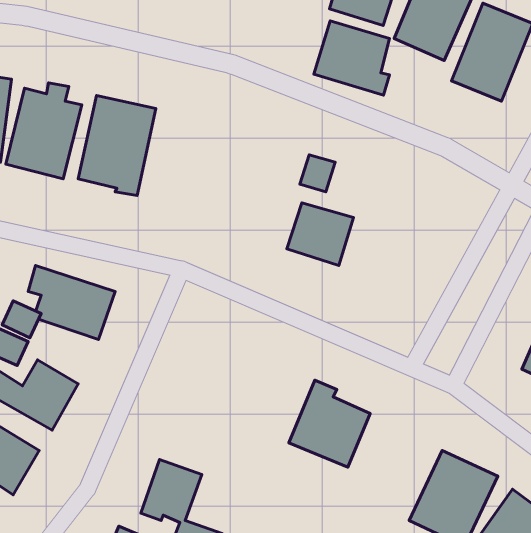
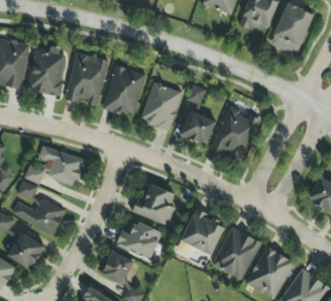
building: [314,21,390,95] -> none
building: none -> [103,65,146,116]
building: none -> [141,83,182,130]
building: none -> [211,105,259,162]
building: none -> [132,185,175,225]
building: none -> [116,219,162,259]
building: none -> [212,227,261,280]

